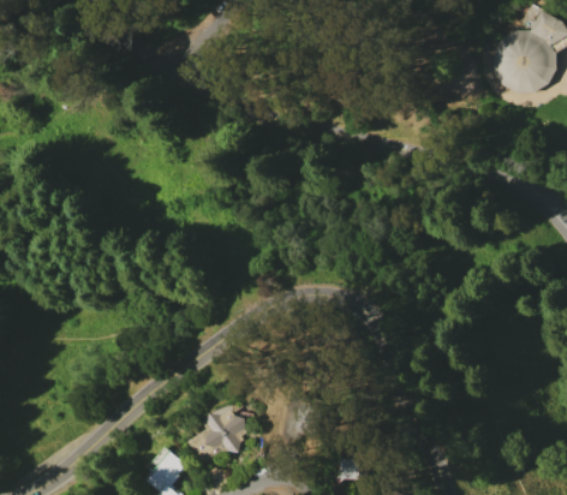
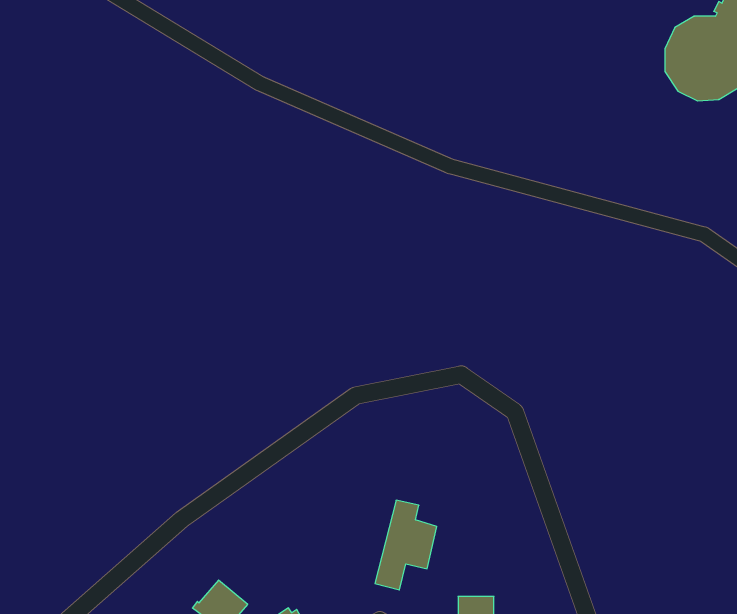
building: [189,408,247,461] -> none

